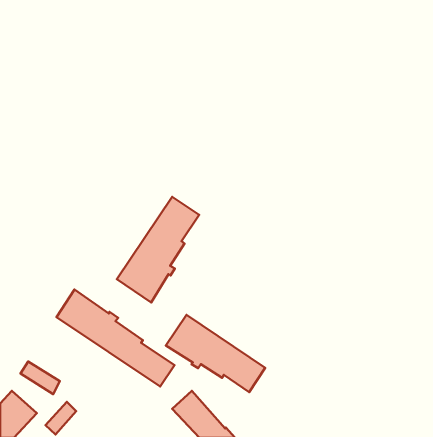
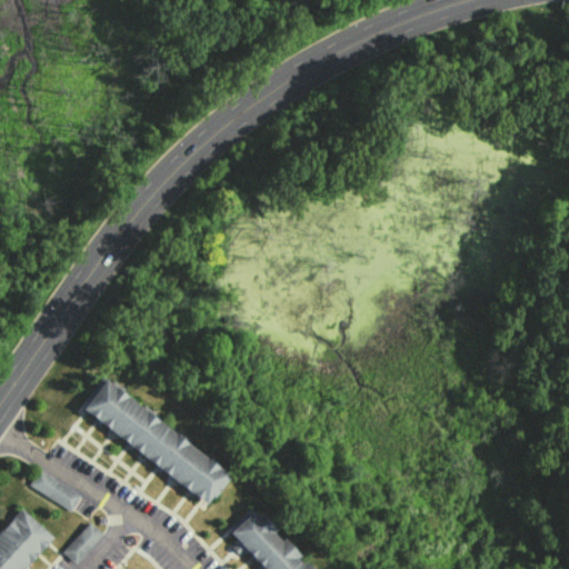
building: [117,197,199,302] -> none
building: [166,315,265,392] -> none

